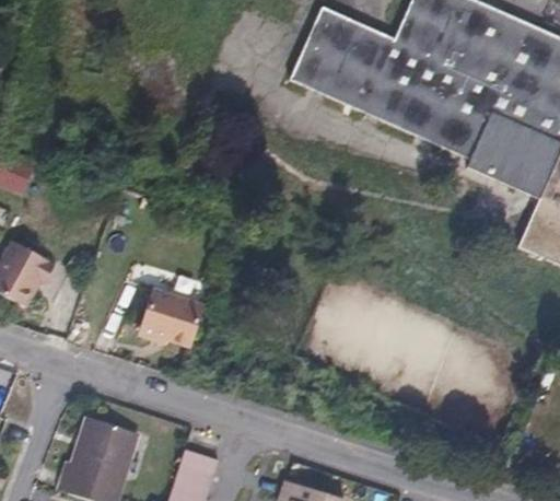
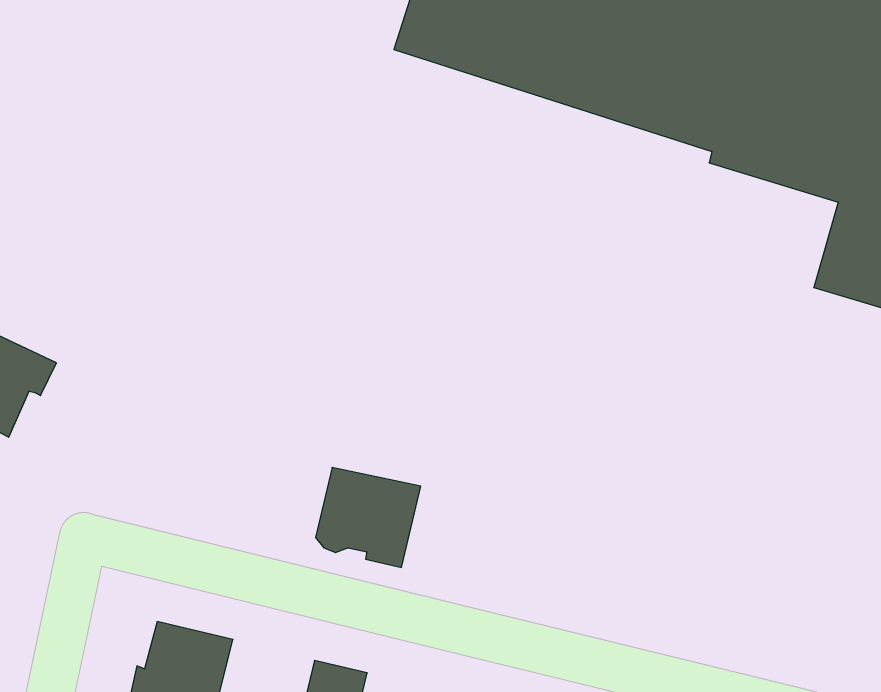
building: [143,273,208,336] -> [316,467,421,567]

